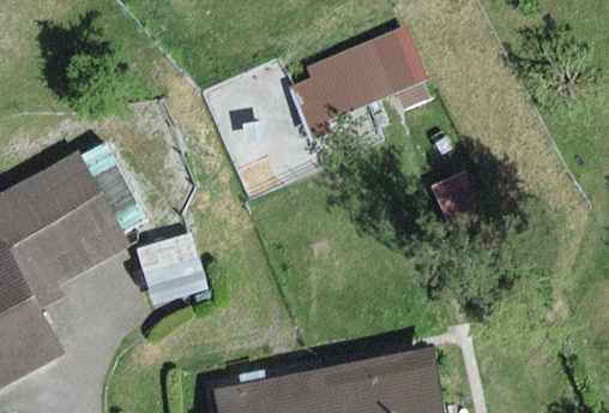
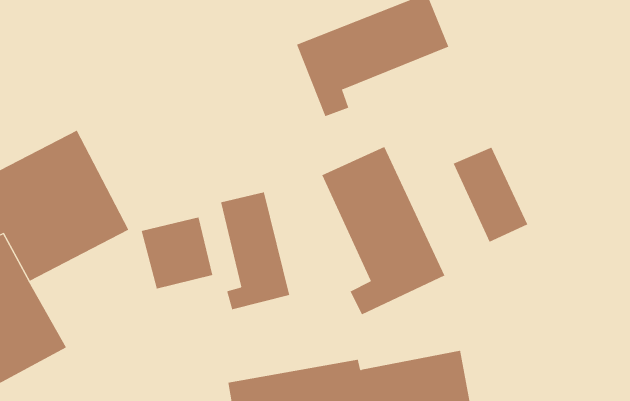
building: none -> [321,146,445,315]
building: none -> [221,192,290,310]

